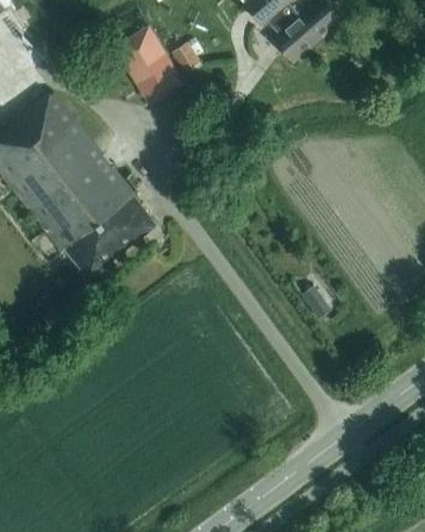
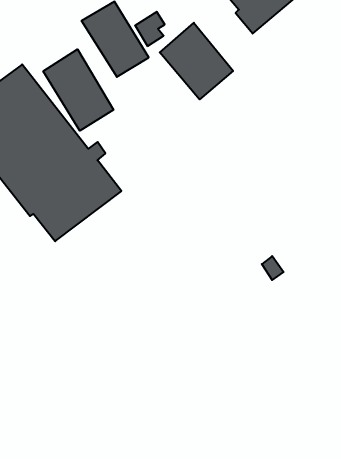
building: none -> [160,23,233,99]
building: none -> [43,49,113,131]

